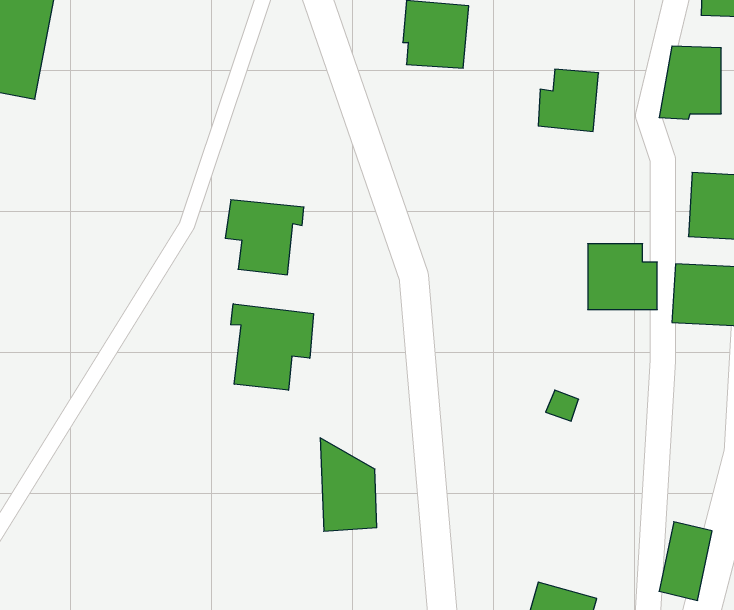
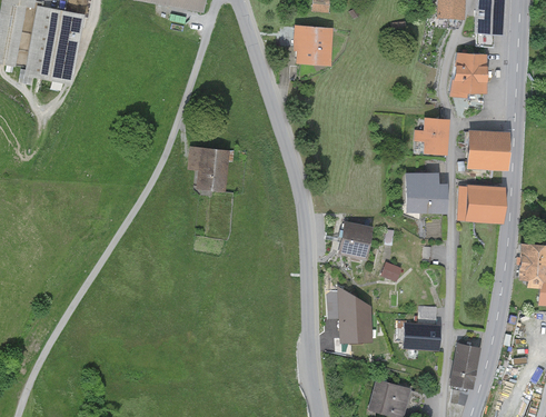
building: [538,69,599,131] -> [414,117,450,155]
building: [231,304,313,390] -> none
building: none -> [338,220,374,259]
building: [320,438,377,531] -> [338,286,373,342]
building: none -> [404,321,440,349]

